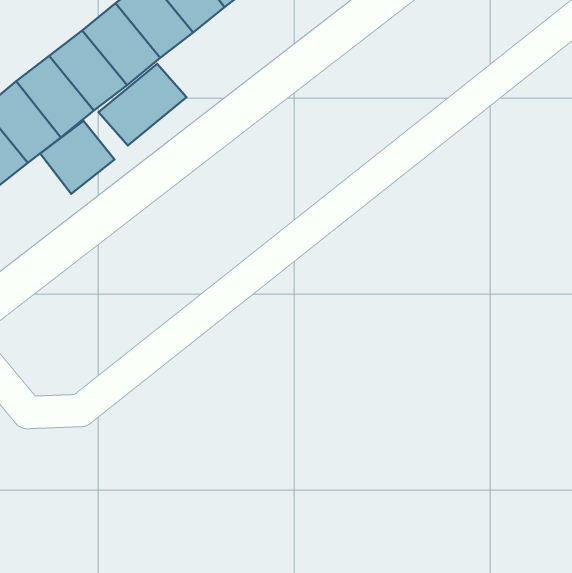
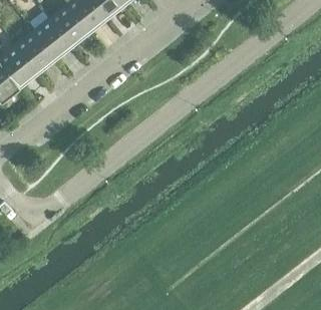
building: [98,64,187,145] -> none
building: [40,121,115,194] -> none

